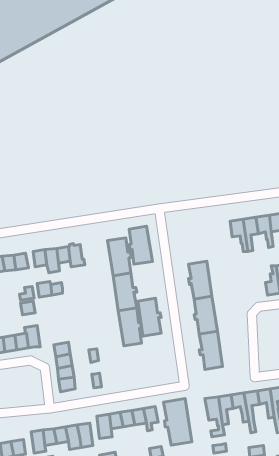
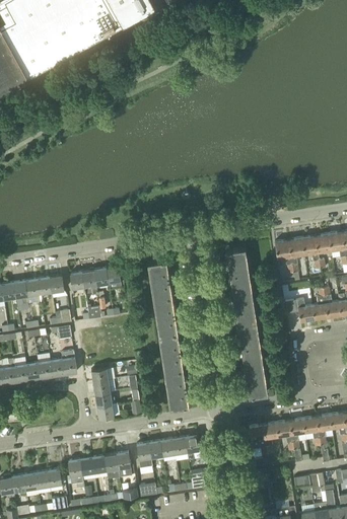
building: [129,226,153,264] -> [225,247,250,287]
building: none -> [284,299,313,321]
building: [138,298,161,336] -> [163,369,188,409]
building: [163,399,192,445] -> none

